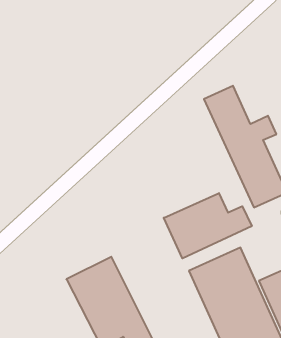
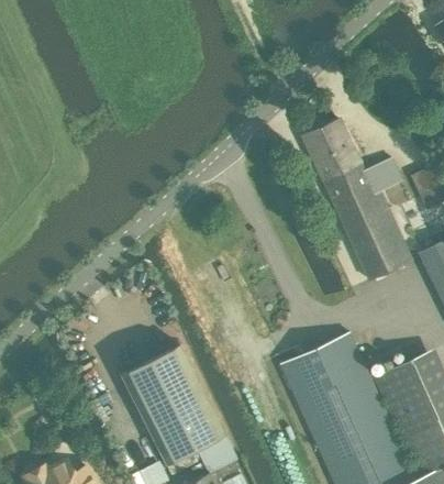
building: [164,193,252,258] -> none

